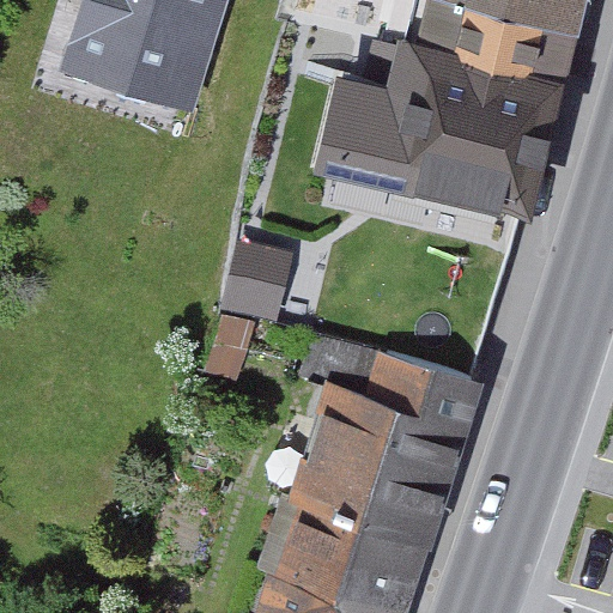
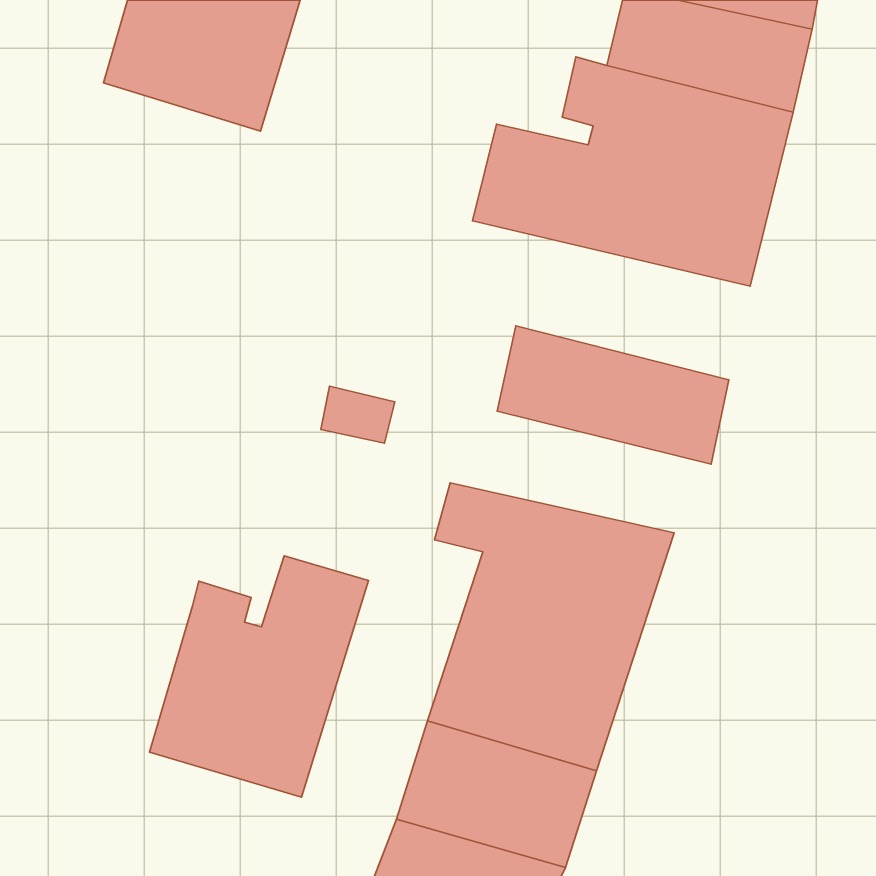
building: none -> [497,326,729,464]
building: none -> [150,556,368,797]

